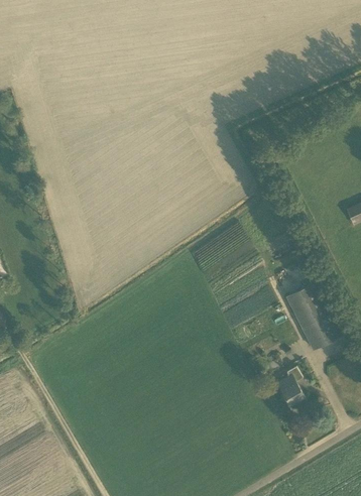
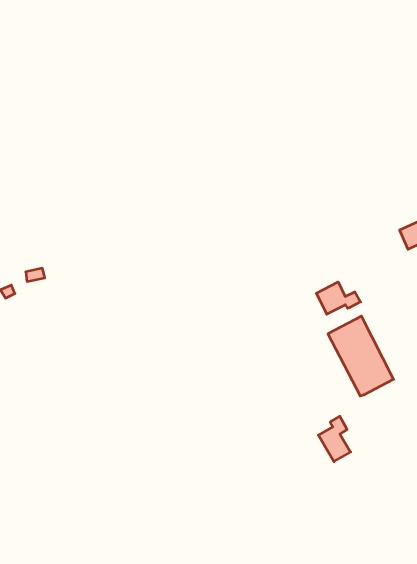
building: none -> [316,282,361,314]

